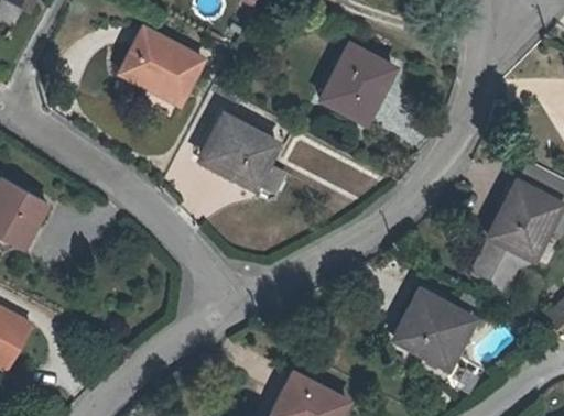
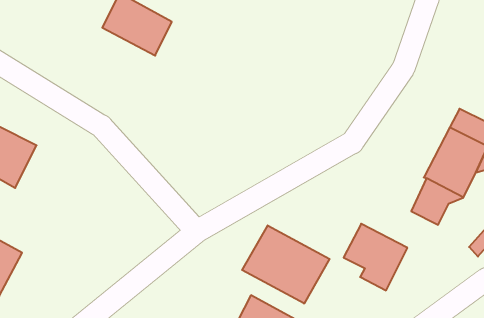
building: [327,45,395,117] -> none
building: [204,119,278,185] -> none
building: none -> [242,225,330,304]

